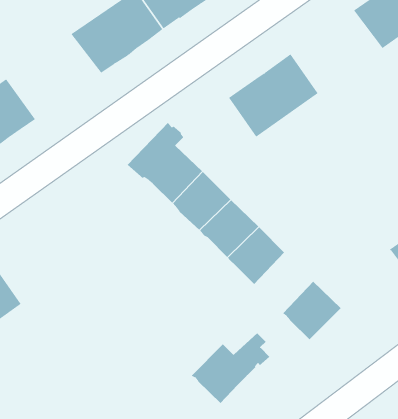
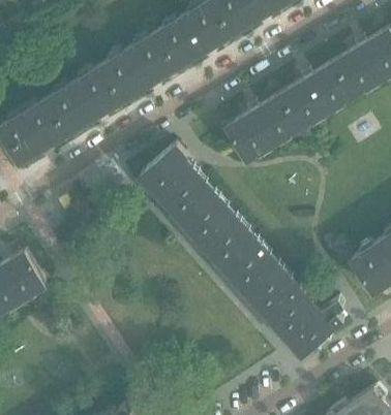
building: none -> [280,62,356,128]
building: none -> [46,66,123,134]
building: none -> [238,257,287,307]
building: [191,332,270,404] -> [280,298,347,355]

